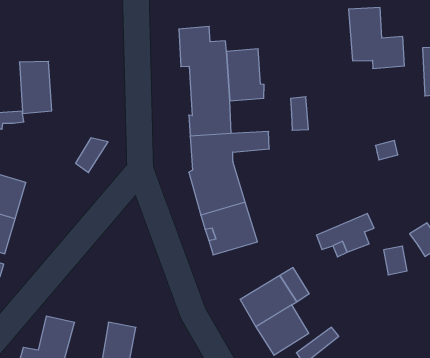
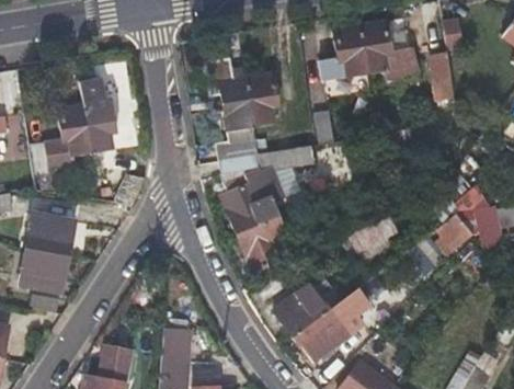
building: none -> [320,26,367,83]
building: none -> [78,78,114,150]

